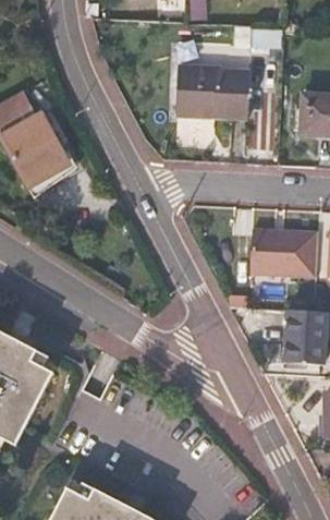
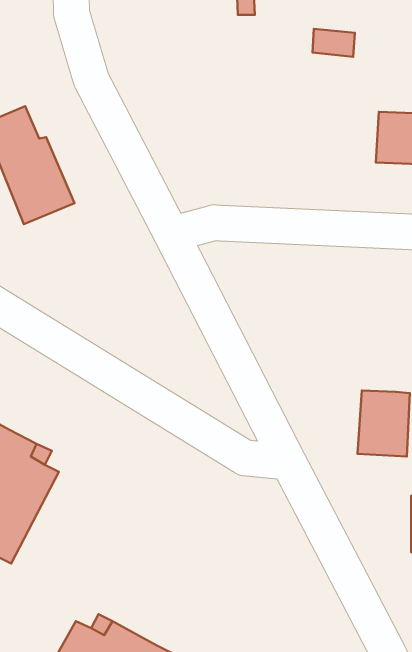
building: [176,65,248,117] -> none
building: [249,229,317,275] -> none

